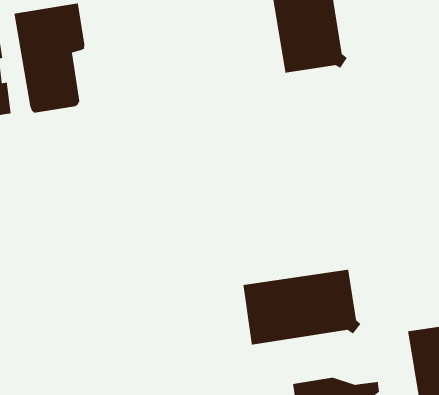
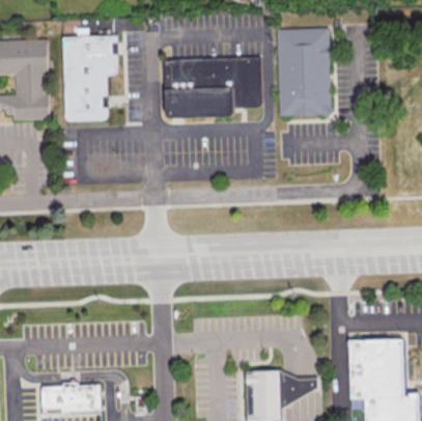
building: none -> [163,57,260,118]
building: [242,269,362,346] -> none

